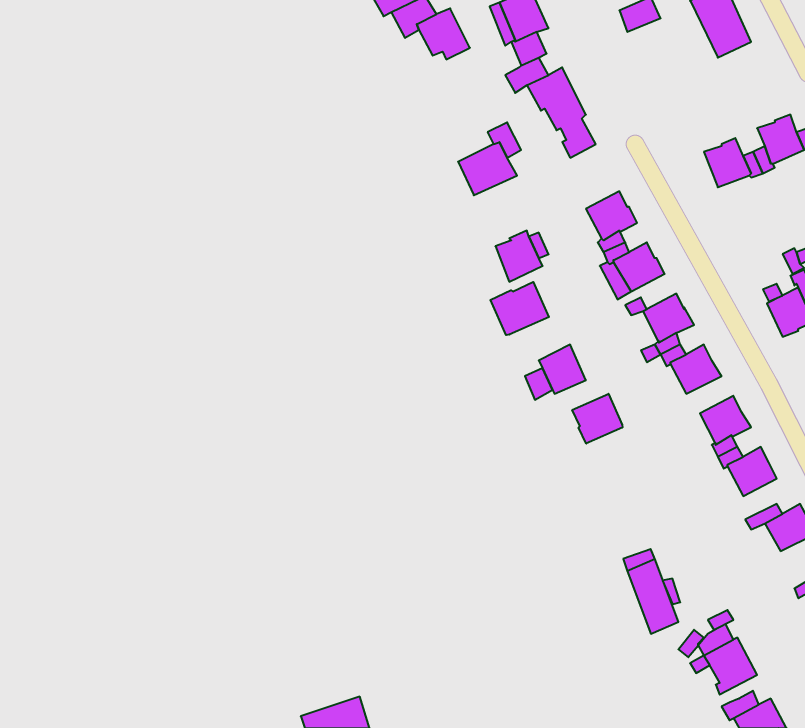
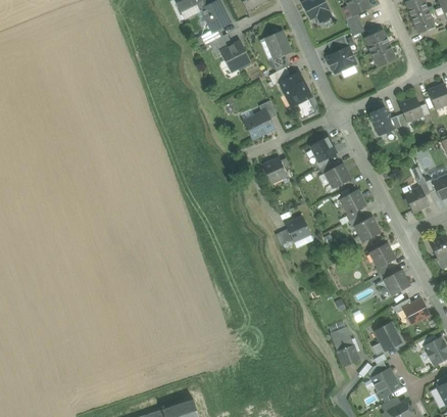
building: none -> [328,46,356,73]
building: [490,282,549,335] -> none
building: [572,394,622,444] -> none
building: none -> [375,322,401,350]

